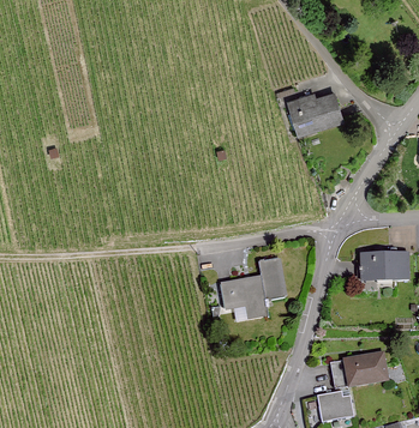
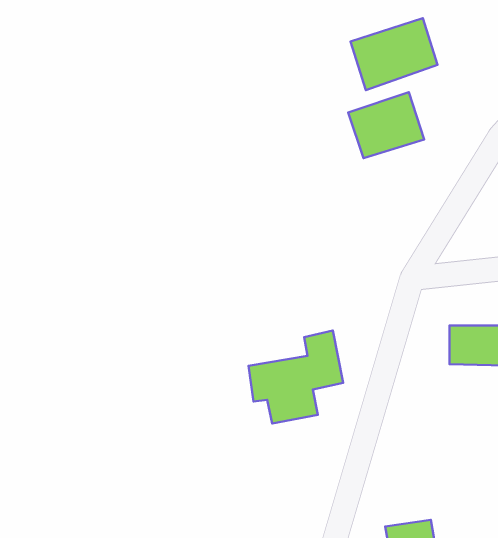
building: none -> [350,18,438,90]
building: [342,351,389,387] -> none

